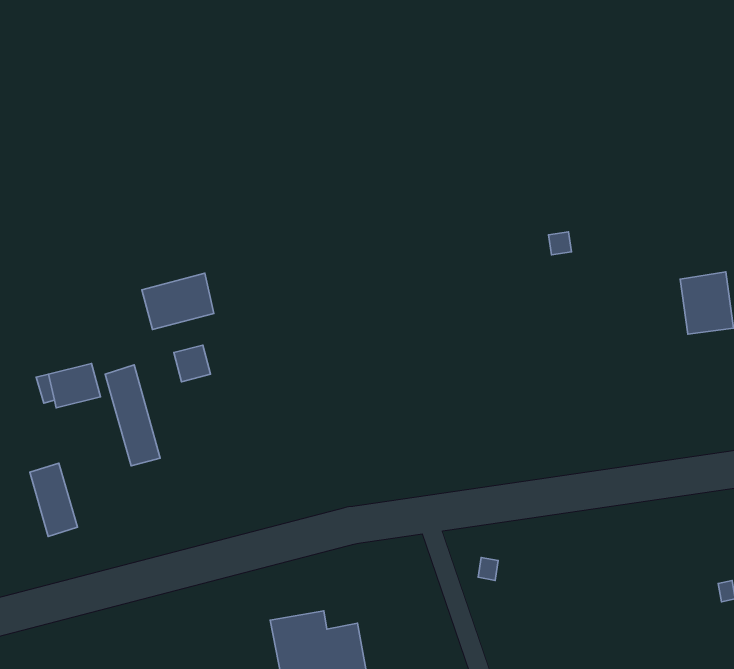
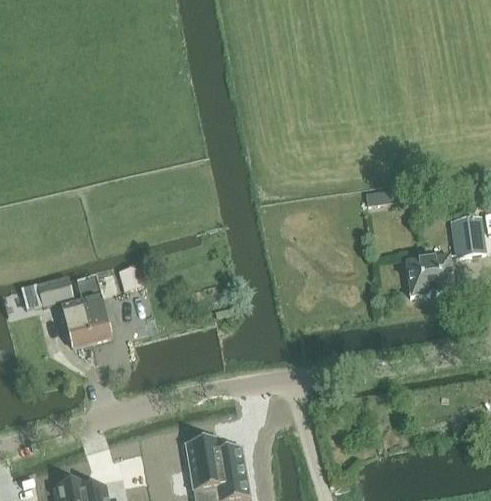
building: [142,273,214,330] -> none
building: none -> [406,254,456,296]
building: [30,463,77,536] -> [62,301,93,349]

